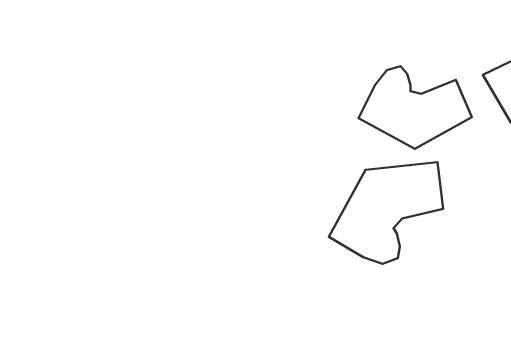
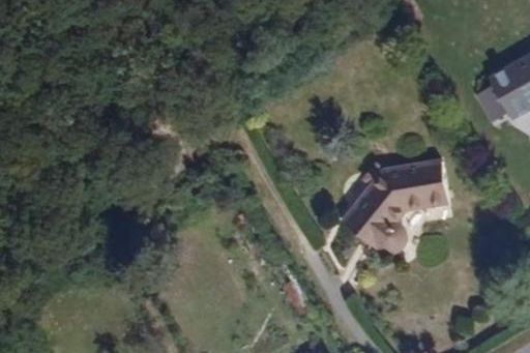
building: [358,66,472,149] -> none

